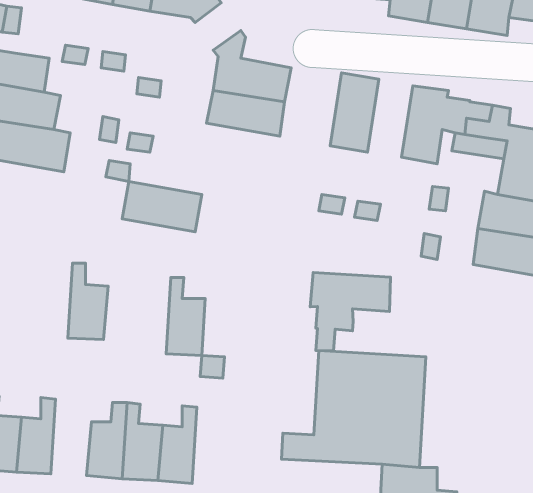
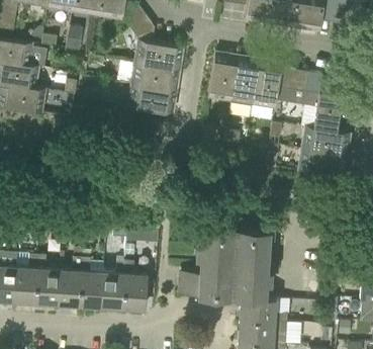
building: none -> [232,55,261,103]
building: [122,182,202,232] -> [128,82,178,113]
building: [68,263,108,340] -> [35,254,61,301]
building: [310,273,391,351] -> none
building: [166,277,205,355] -> [123,259,148,308]

